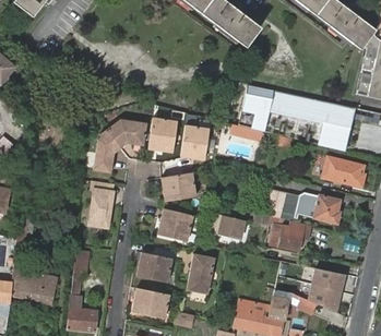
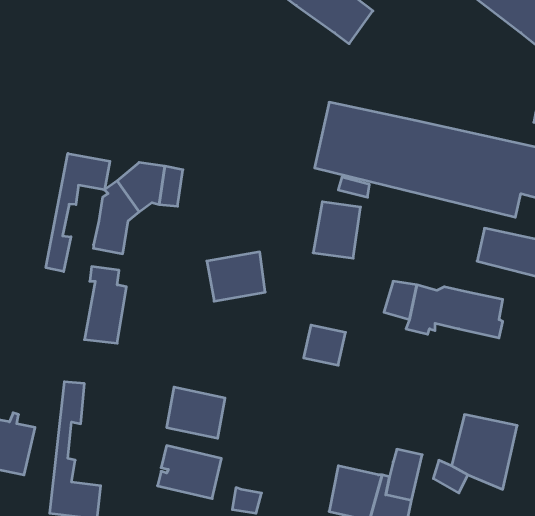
building: none -> [46,153,110,272]
building: [148,117,178,152] -> none
building: [181,125,210,159] -> [313,202,361,258]
building: [158,208,194,241] -> none
building: [271,225,303,251] -> none
building: [187,254,215,293] -> none

